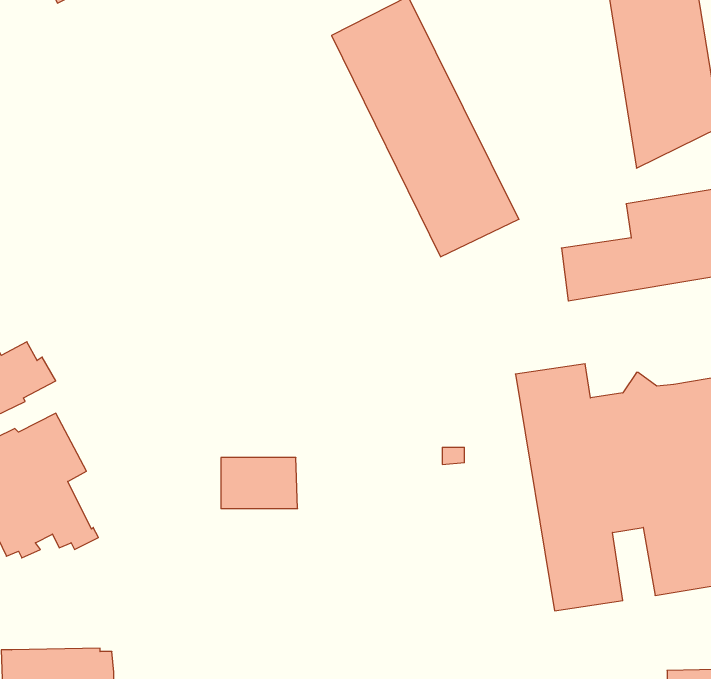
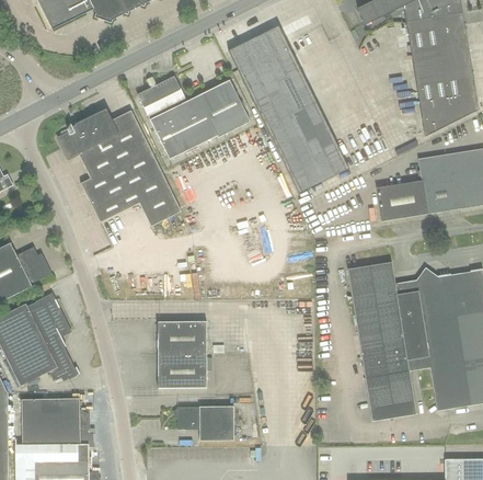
building: none -> [138,76,250,158]
building: none -> [58,108,181,226]
building: none -> [158,354,207,387]
building: none -> [22,397,93,446]
building: none -> [177,405,234,439]

